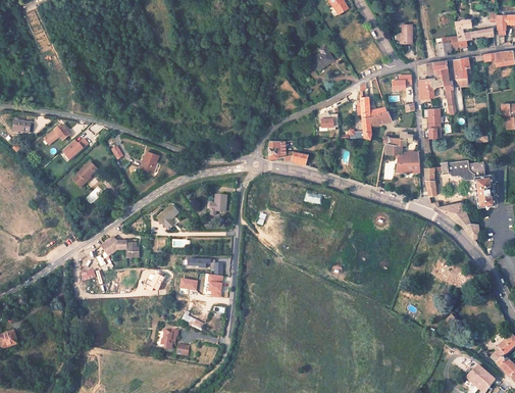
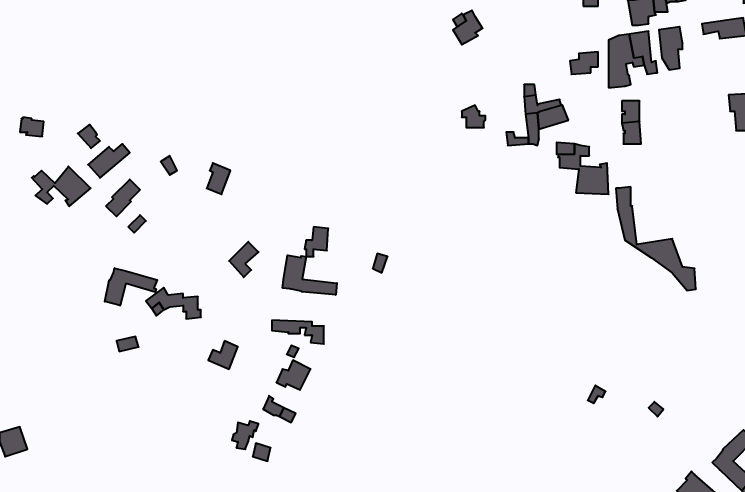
building: [269,141,308,165] -> none
building: none -> [32,166,91,206]
building: [443,160,495,207] -> none
building: none -> [283,255,337,295]
building: none -> [105,268,157,306]

